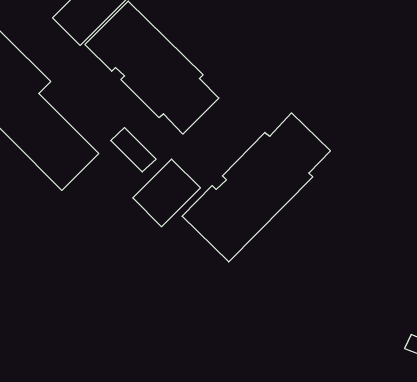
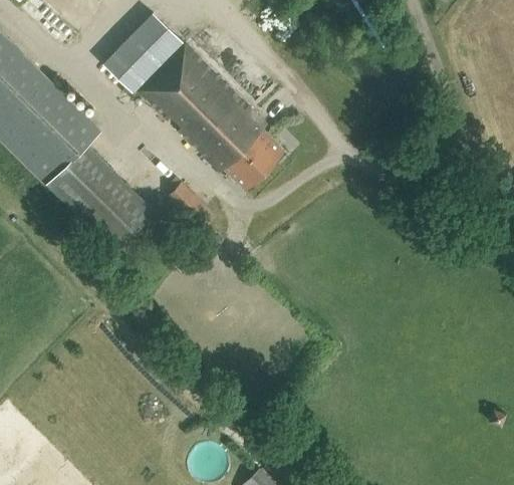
building: [182,113,330,262] -> none
building: [133,159,200,227] -> none

